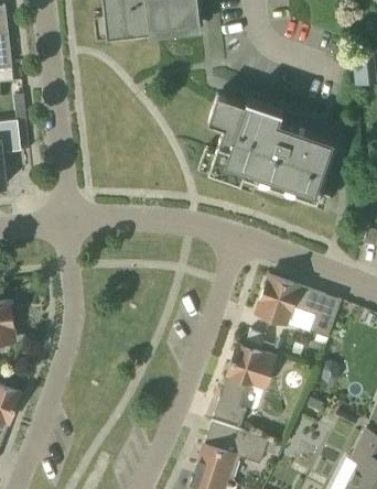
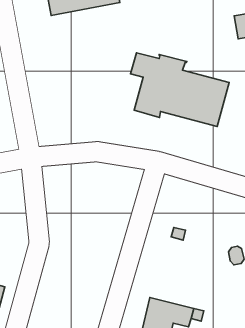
building: [256,274,342,337] -> none
building: [213,344,276,425] -> none

